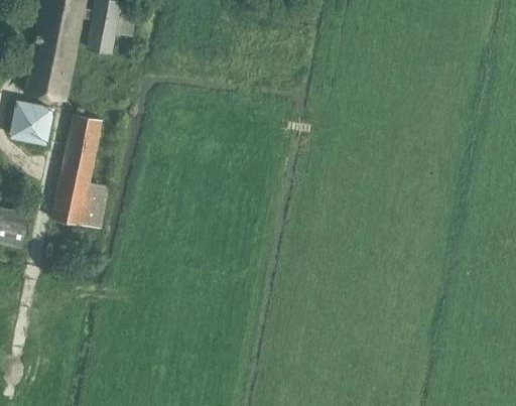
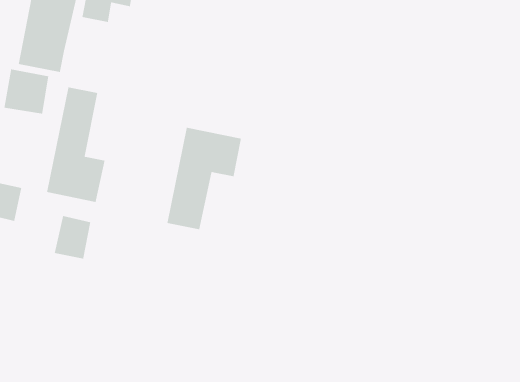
building: none -> [166,127,242,230]
building: none -> [54,215,91,260]

